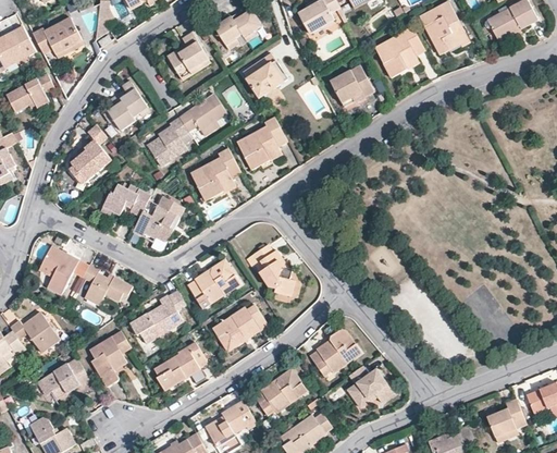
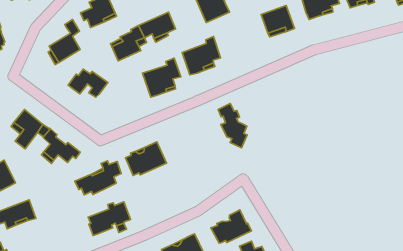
building: [132,198,185,241] -> none
building: [252,244,294,297] -> [218,103,247,148]
building: [211,303,265,351] -> none
building: [88,330,129,387] -> none

